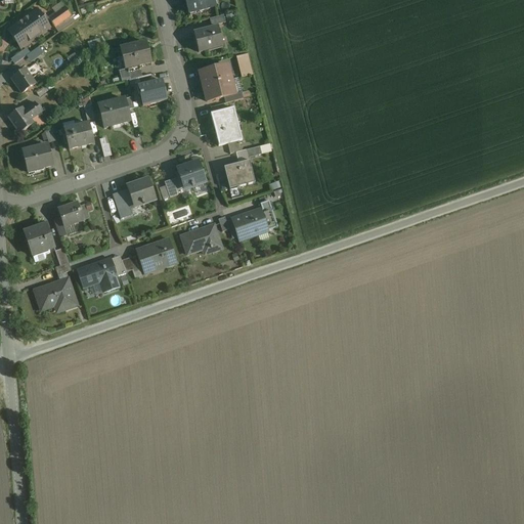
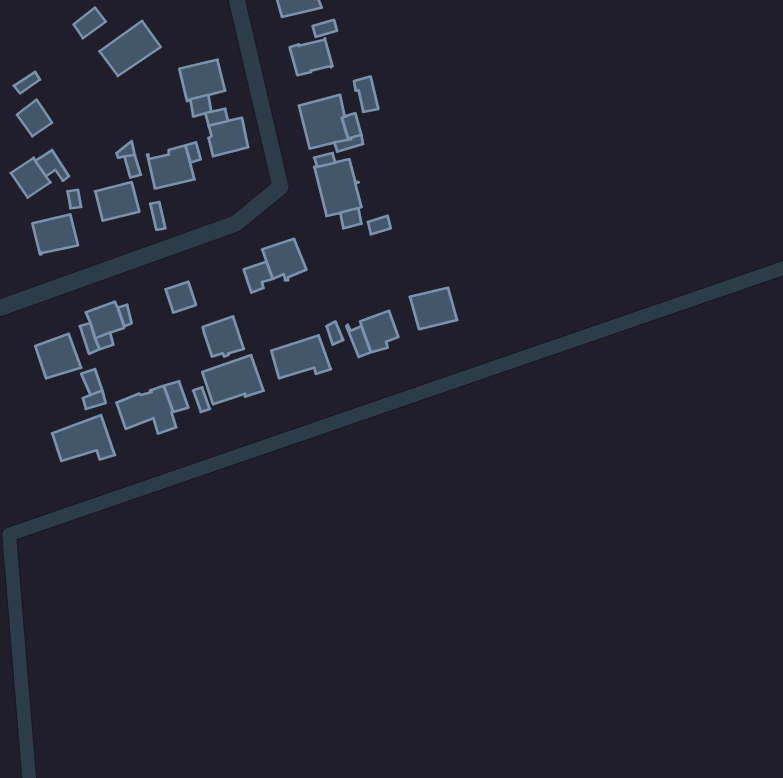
building: [8,8,49,45] -> [99,21,161,76]
building: [223,160,255,187] -> [410,288,457,329]
building: [125,177,152,204] -> [203,317,244,356]

